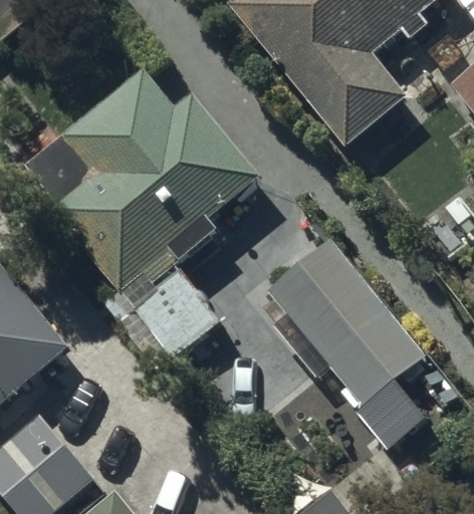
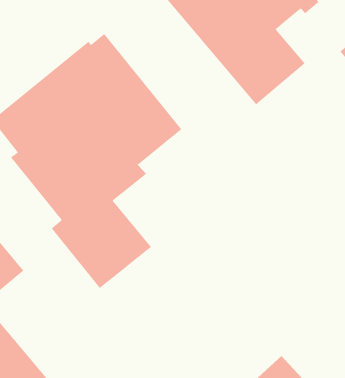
building: [268,239,427,408] -> none

